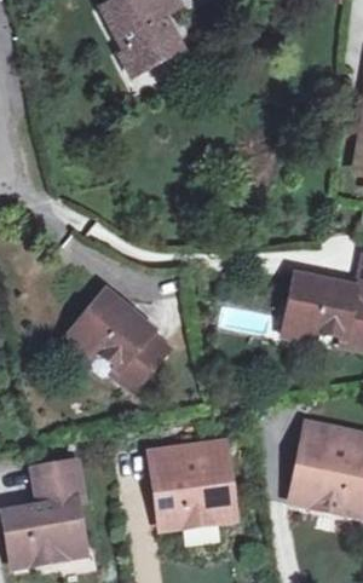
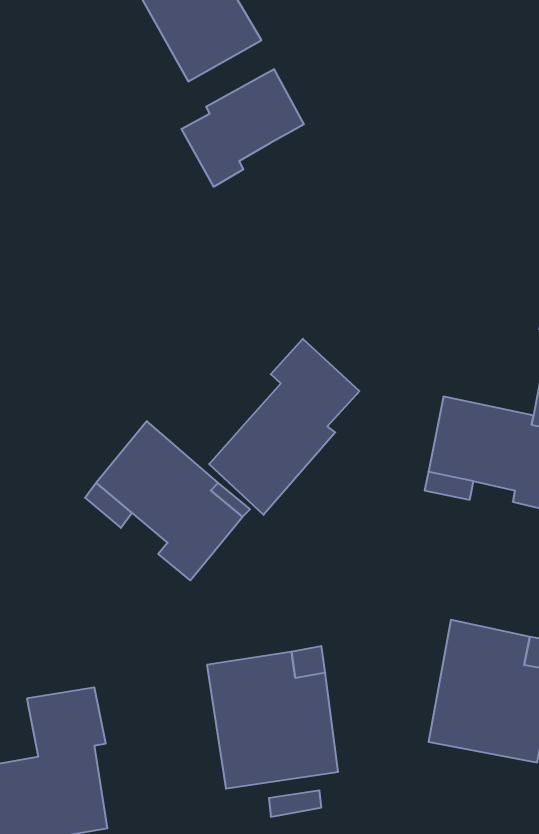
building: none -> [181,69,304,187]
building: none -> [209,339,359,515]

